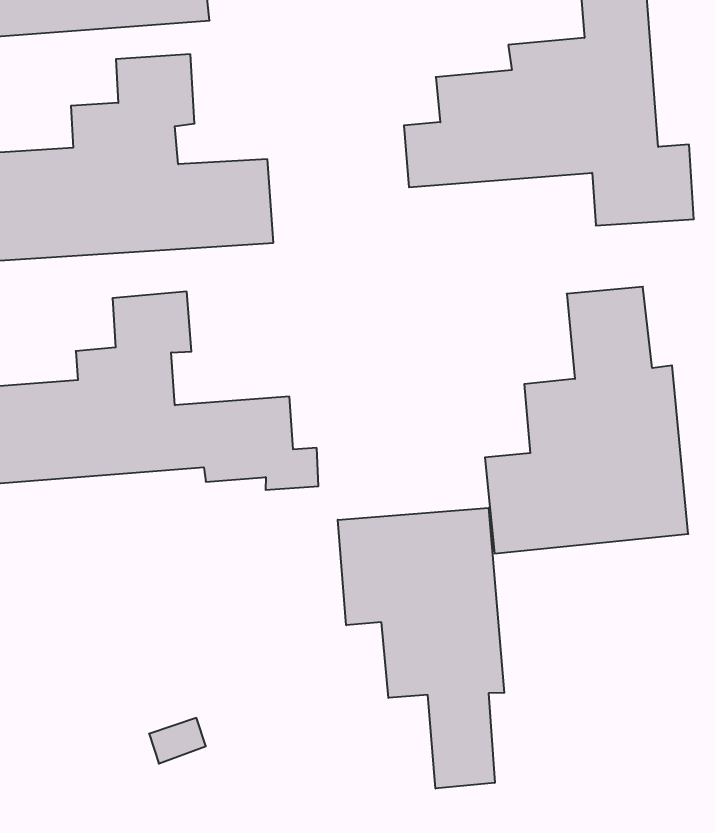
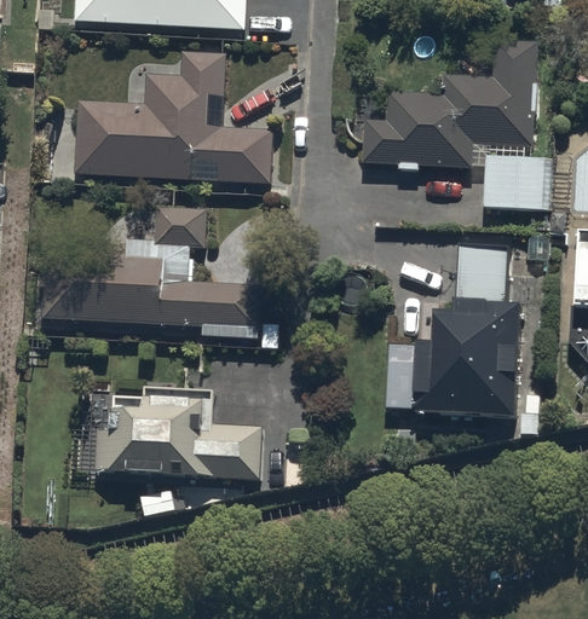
building: [338,508,504,789] -> none
building: none -> [99,389,267,478]

